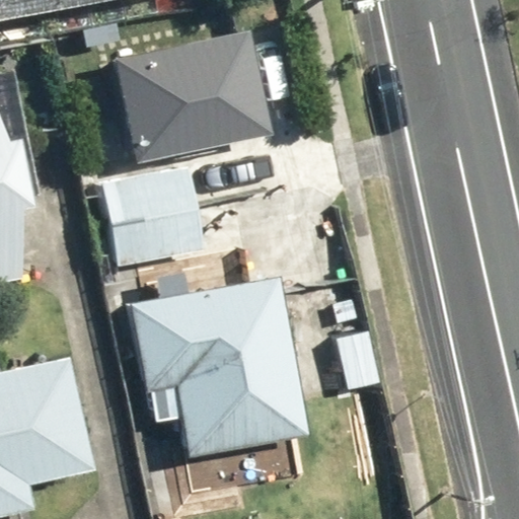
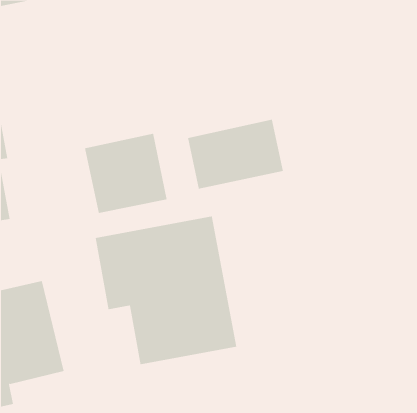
building: [122,41,274,161] -> none
building: none -> [188,119,283,189]

